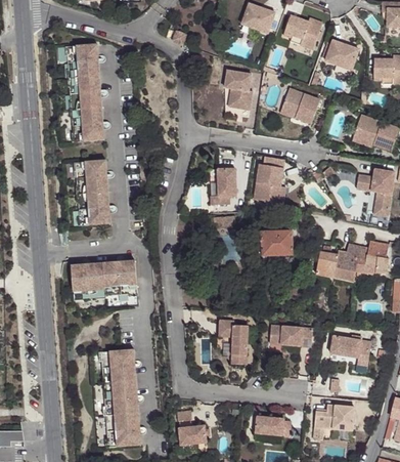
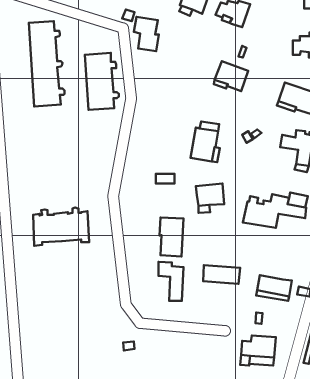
building: [324,39,358,68] -> none
building: [224,70,253,110] -> [134,17,159,51]
building: [76,159,115,224] -> [85,53,119,110]
building: [212,169,237,206] -> none
building: none -> [159,218,184,257]
building: [97,350,143,448] -> none
building: [254,416,290,437] -> none
building: [177,426,205,447] -> none

